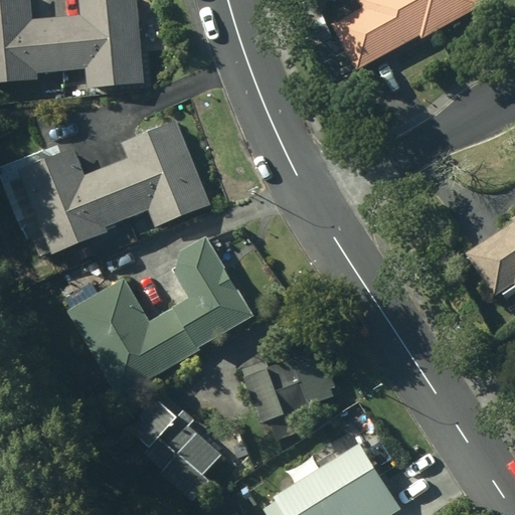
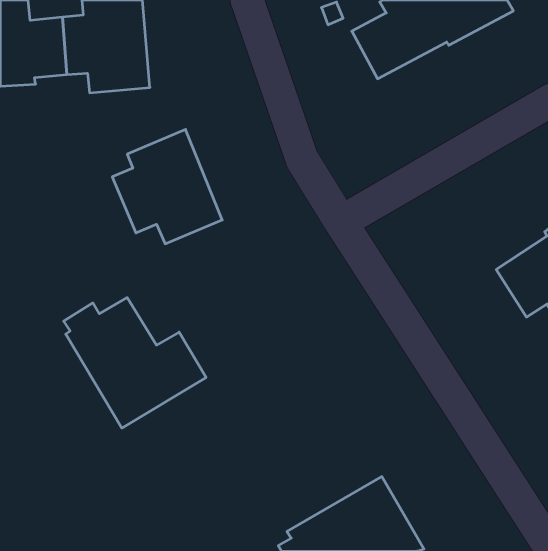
building: [7,147,130,254] -> none
building: [168,235,252,352] -> none
building: [240,357,338,441] -> none
building: [128,394,220,498] -> none

